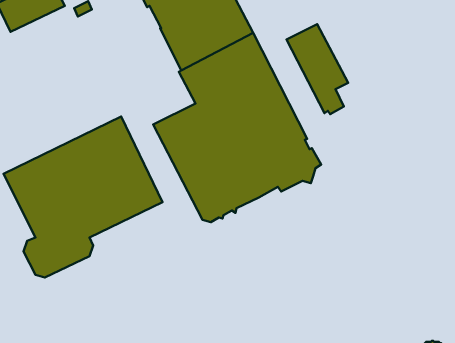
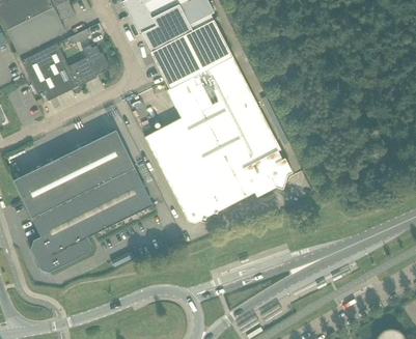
building: none -> [21,44,110,102]
building: [286,24,348,114] -> none

